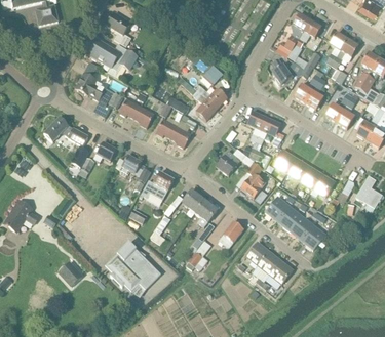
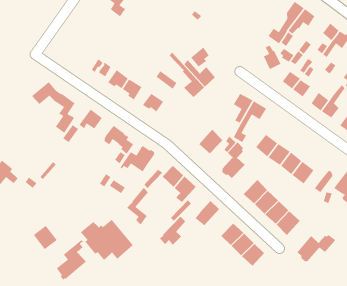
building: [88,39,138,77] -> none
building: [75,73,104,100] -> none
building: [170,114,196,148] -> none
building: none -> [297,234,336,262]
building: none -> [56,239,87,281]

